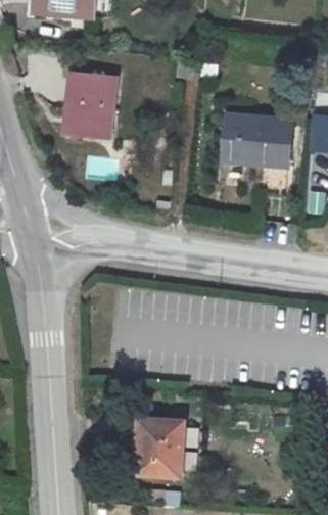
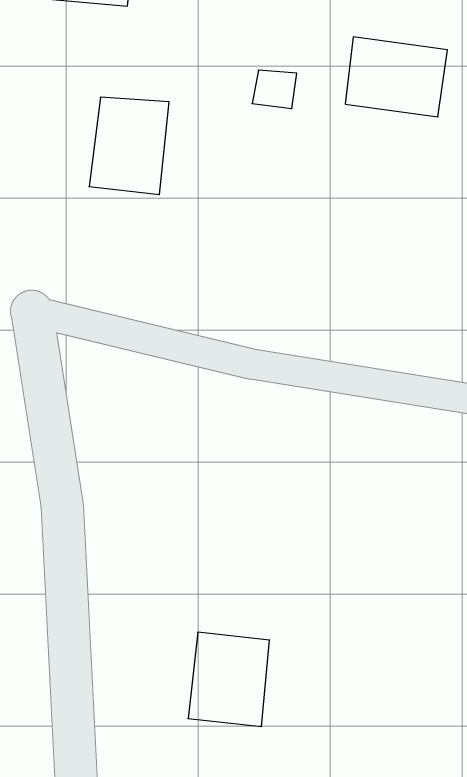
building: [225,112,290,163] -> [345,37,447,117]

